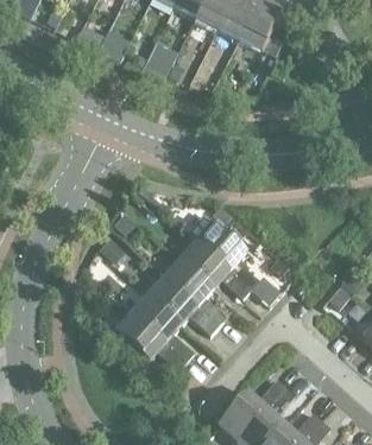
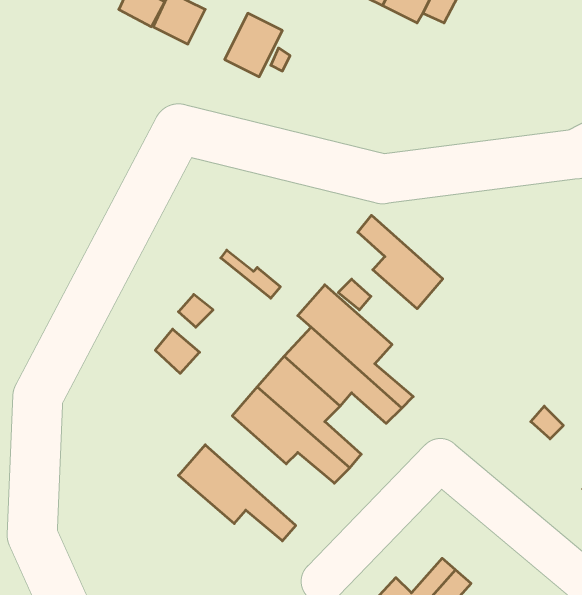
building: none -> [358,215,443,309]
building: [130,293,193,361] -> none

